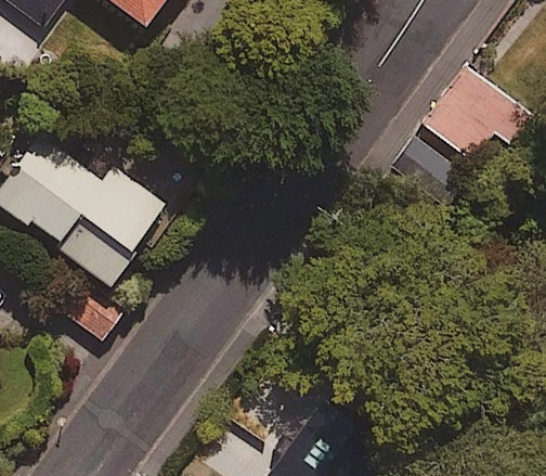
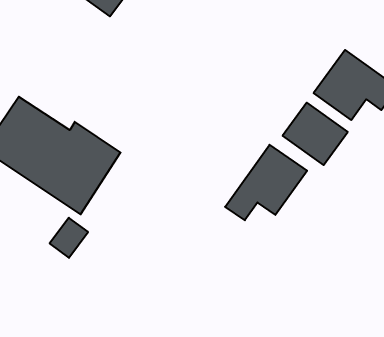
building: none -> [225,145,307,220]

